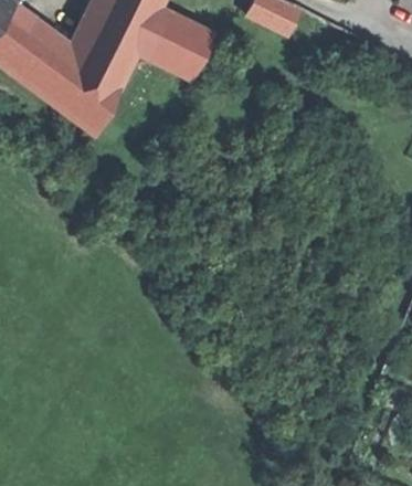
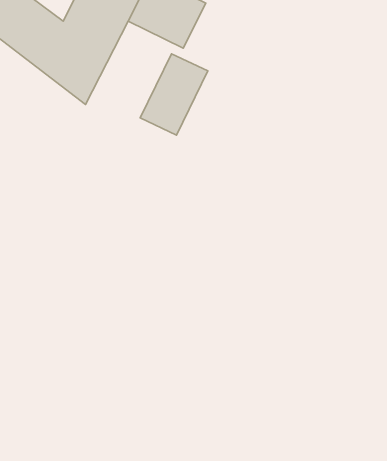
building: none -> [140,54,208,135]

